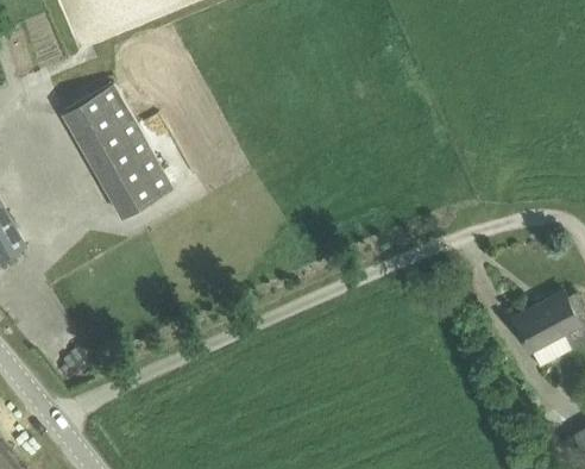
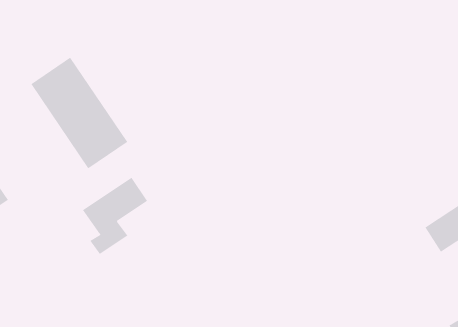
building: none -> [82,177,148,255]

